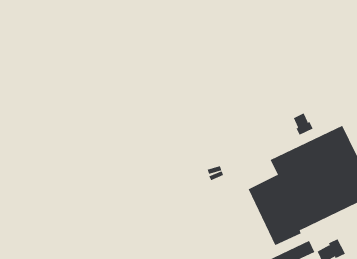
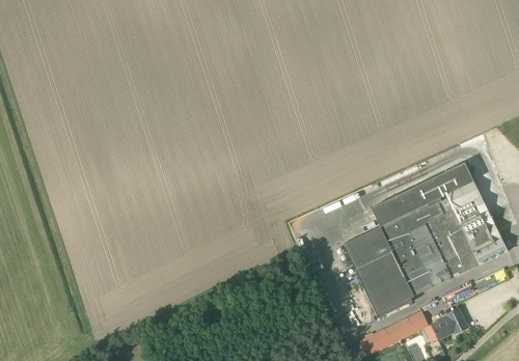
building: [293,112,314,136] -> none

